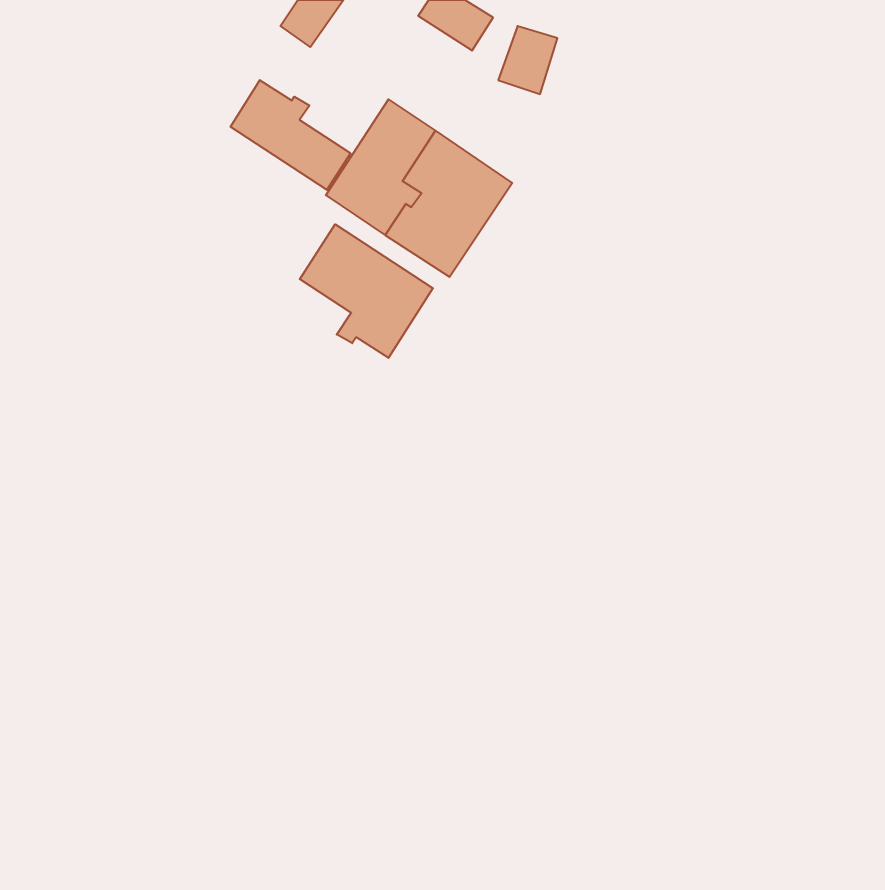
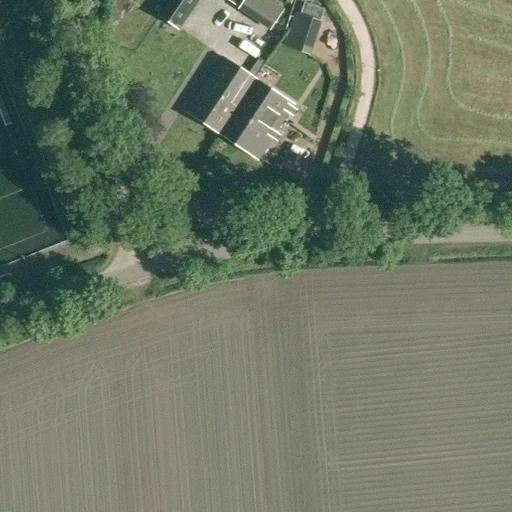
building: [231,80,350,190] -> none
building: [300,224,433,358] -> none

